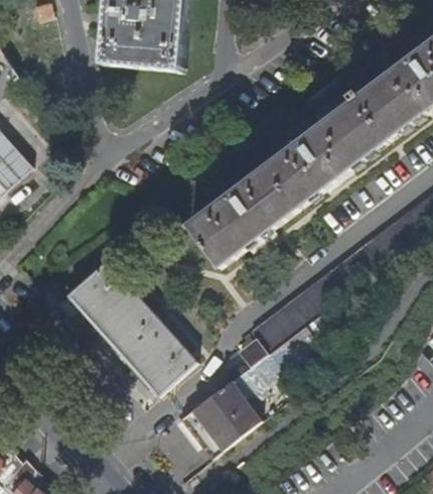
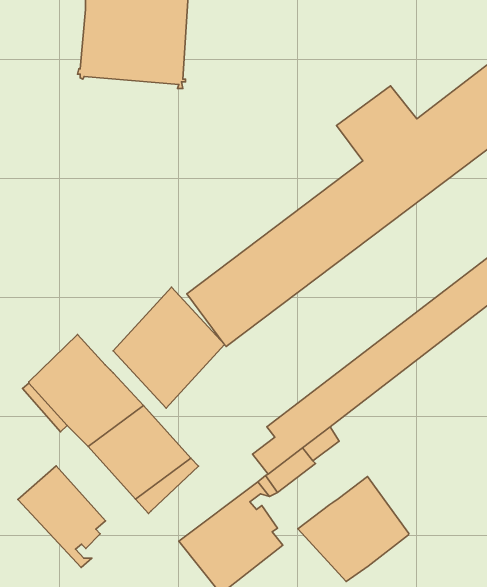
building: none -> [113,287,224,408]
building: none -> [18,466,106,567]
building: none -> [298,476,409,581]

